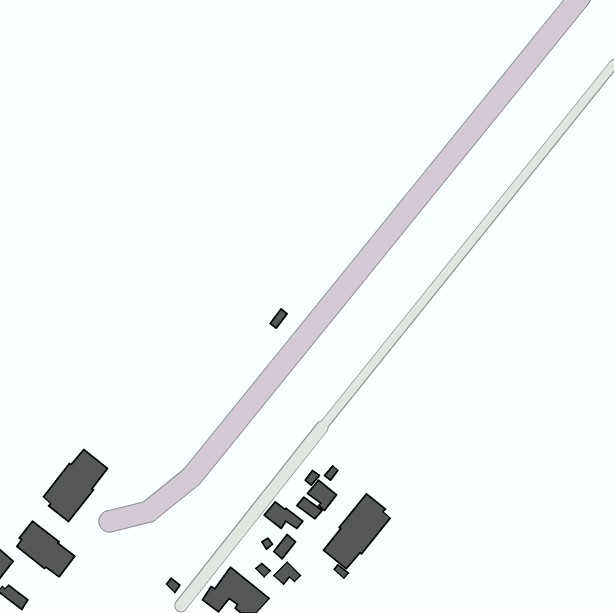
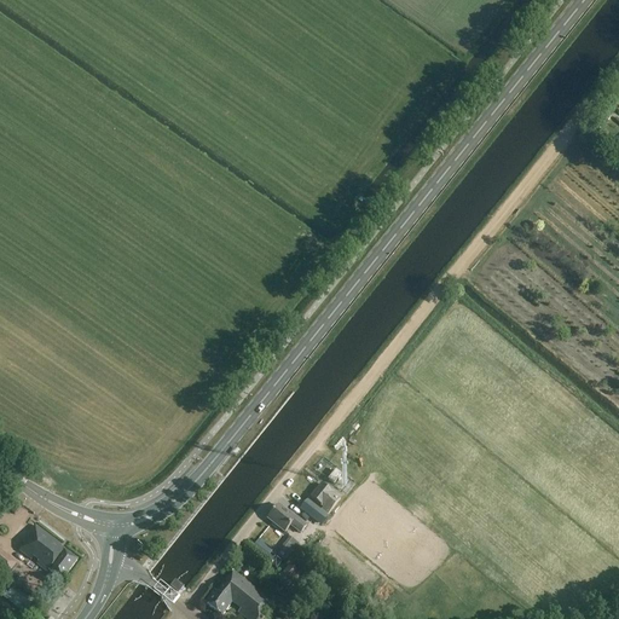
building: [43,450,108,522] -> none
building: [323,494,390,569] -> none

